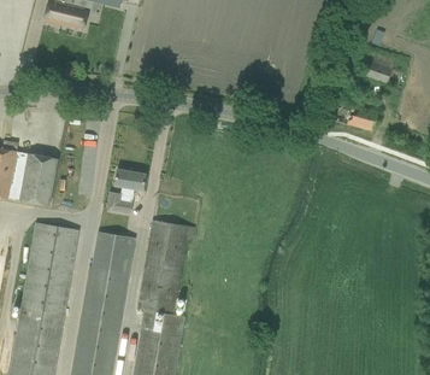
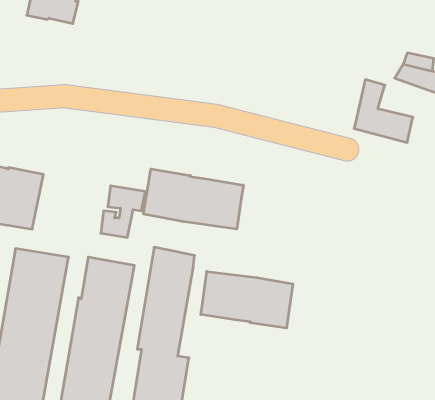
building: none -> [144,169,243,229]
building: none -> [201,271,293,328]

